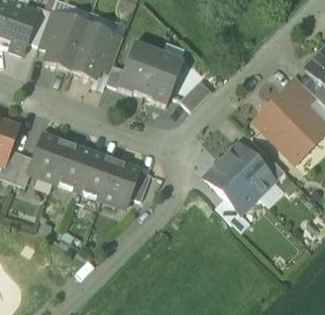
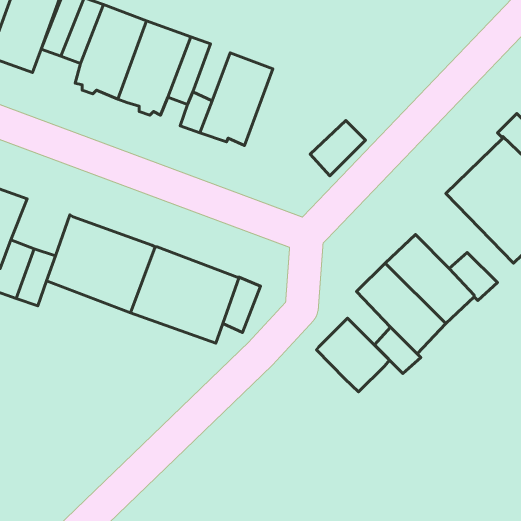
building: [142,50,184,105] -> none
building: none -> [316,318,390,392]

